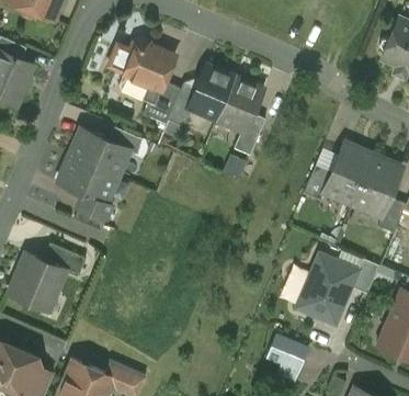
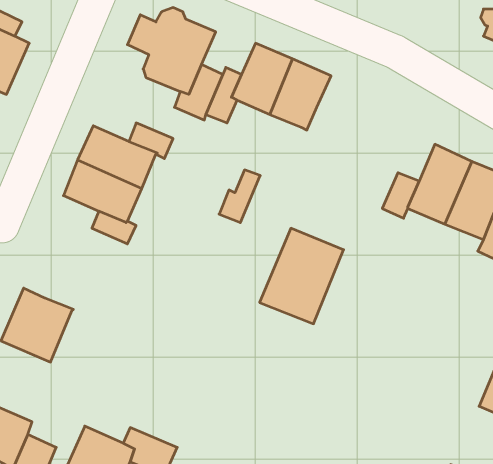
building: [232,114,264,155] -> [219,170,260,223]
building: [43,244,83,276] -> none
building: [294,251,359,325] -> [260,228,344,324]
building: [269,333,309,369] -> none

